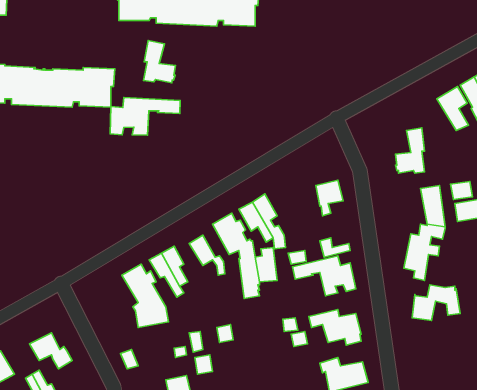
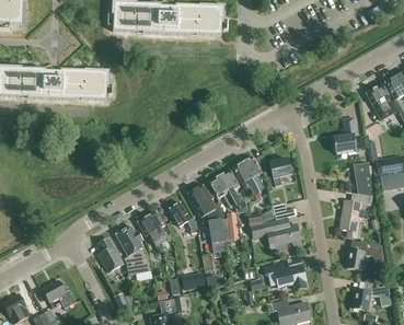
building: [144,41,176,83] -> none
building: [110,97,180,135] -> none
building: none -> [232,156,263,198]
building: none -> [97,237,125,271]
building: none -> [351,281,391,310]

